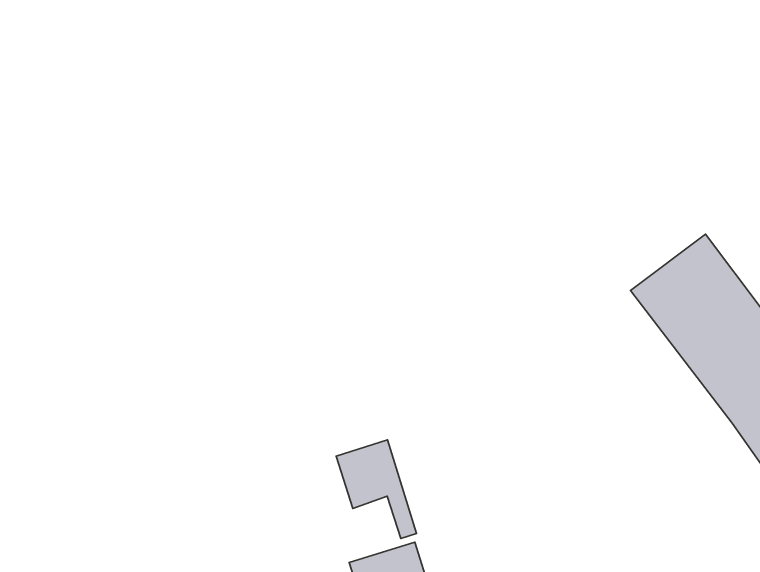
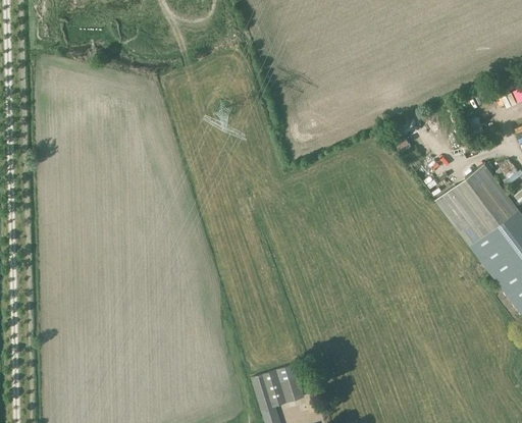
building: [336,440,417,539] -> none

